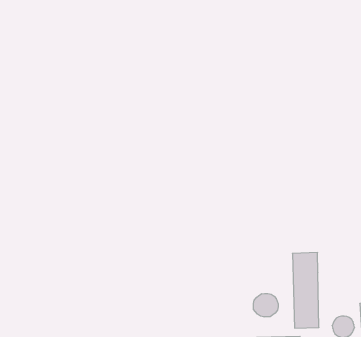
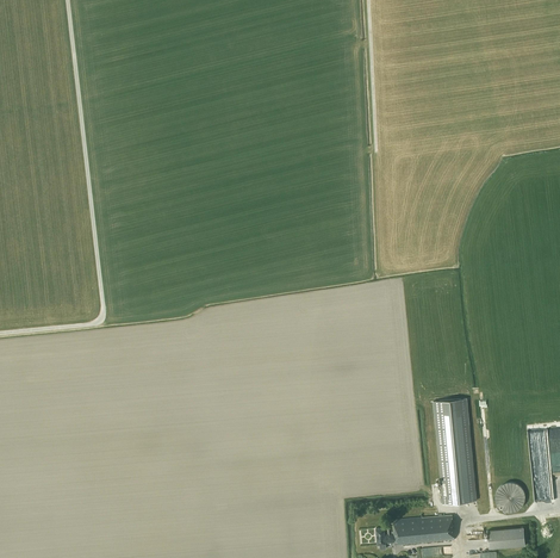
building: [253,294,278,317] -> none

